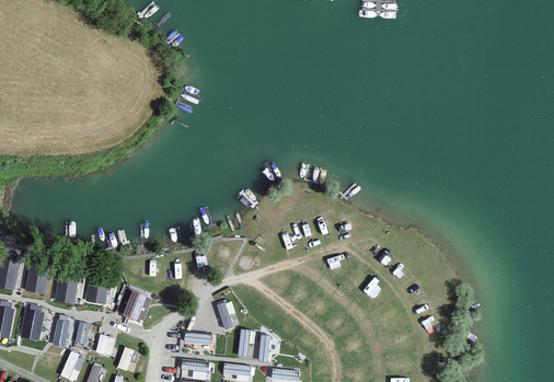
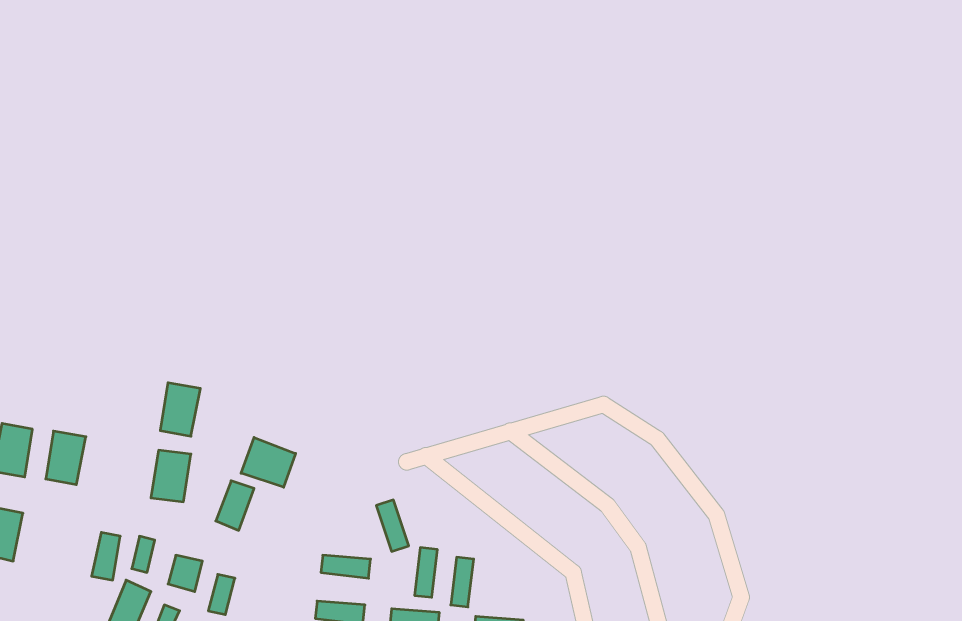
building: none -> [241,437,296,487]
building: [57,273,80,303] -> [160,383,200,436]
building: [22,311,45,340] -> none

